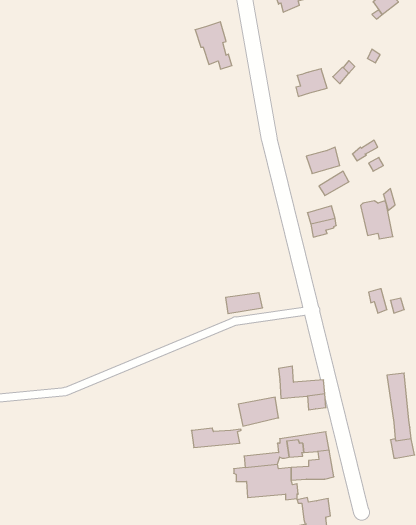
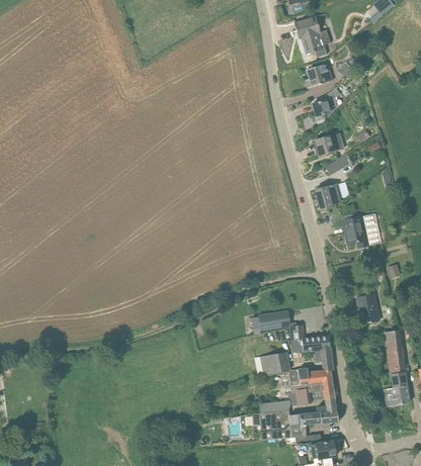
building: [195,22,232,69] -> [293,15,326,57]
building: none -> [312,86,340,119]
building: [361,201,393,239] -> [341,213,369,247]
building: [226,293,263,314] -> [258,310,290,329]
building: none -> [355,293,381,323]
building: [191,428,241,448] -> [288,367,332,384]

